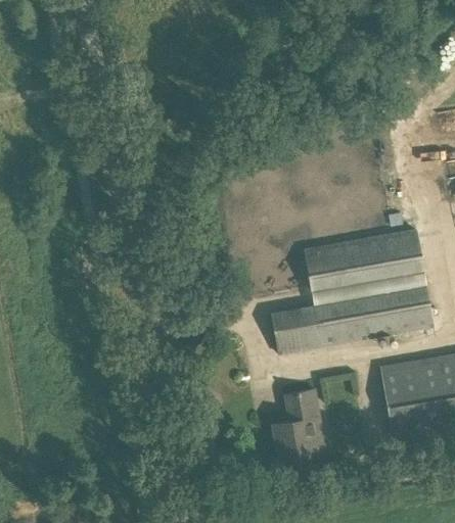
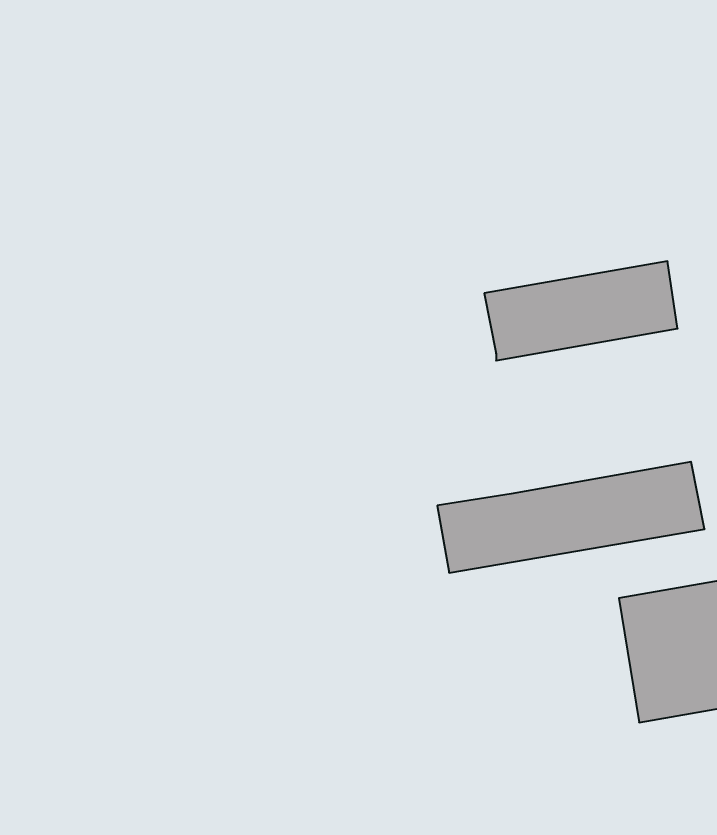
building: [307,229,424,289] -> [484,261,678,361]
building: [273,387,322,460] -> none

